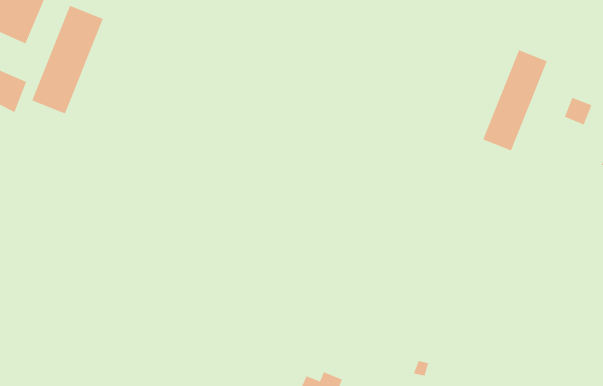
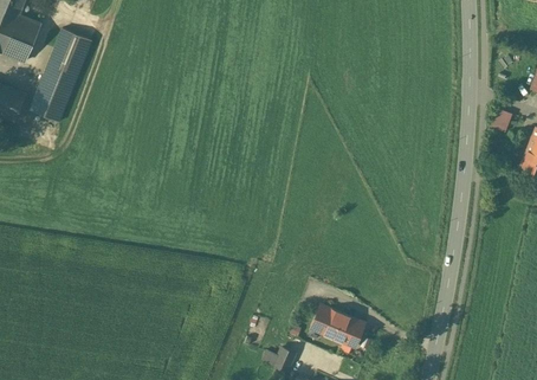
building: [482,49,548,152] -> none
building: none -> [309,304,363,348]

